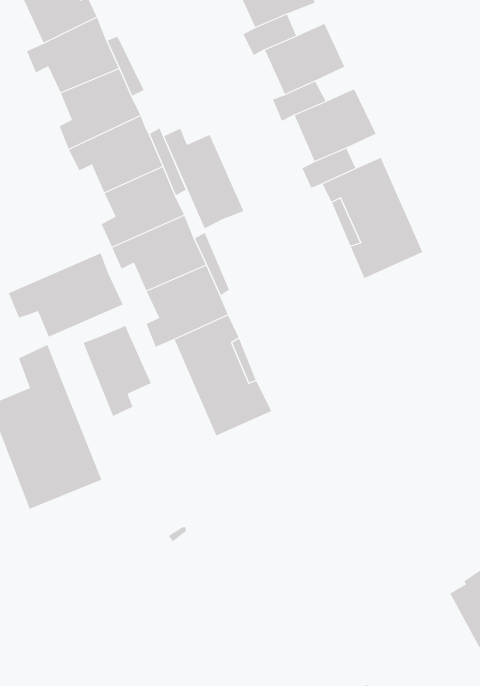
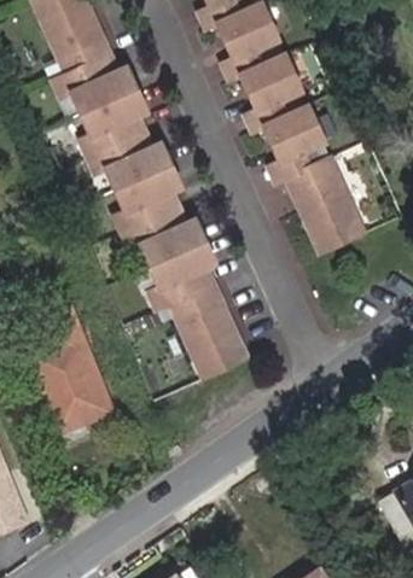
building: [163,128,244,229] -> none
building: [8,252,123,338] -> none
building: [83,325,151,417] -> none

